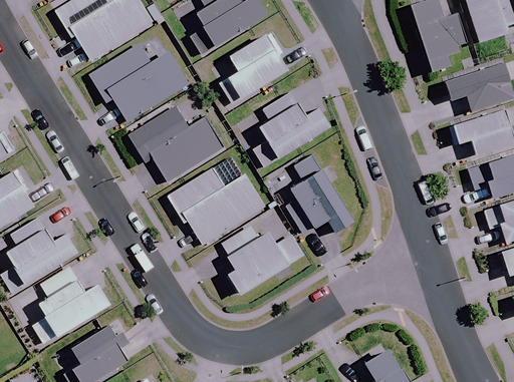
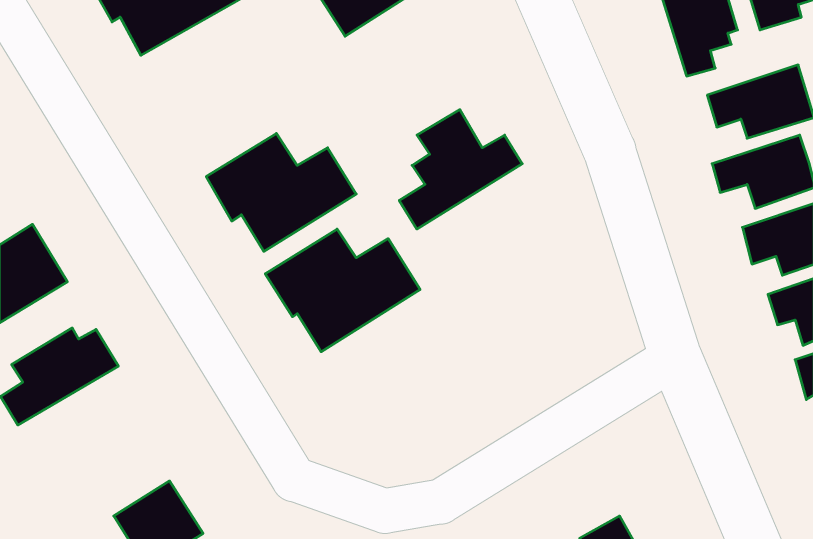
building: [219,32,287,105] -> none
building: [89,33,188,121] -> none
building: [288,170,352,235] -> none
building: [221,226,304,295] -> none
building: [32,266,110,344] -> none

